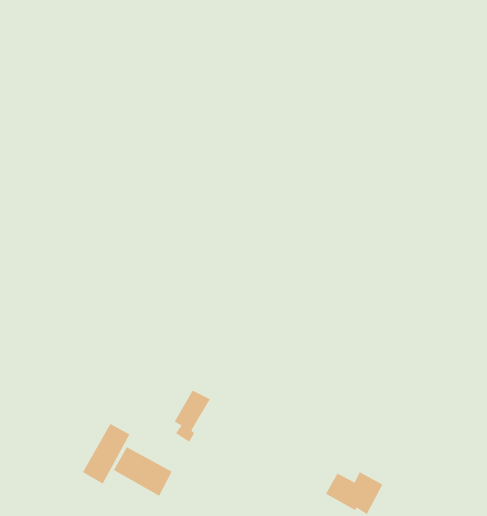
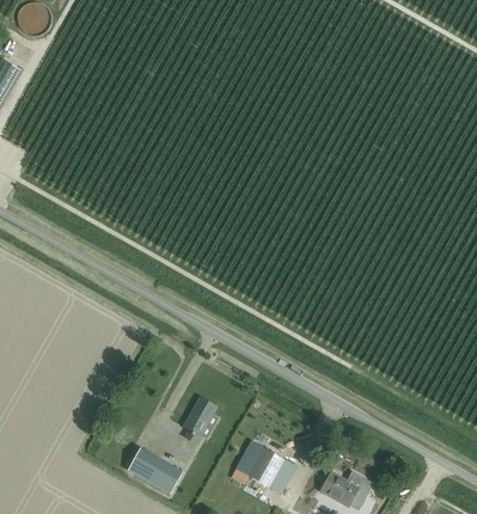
building: [82,423,130,485] -> none
building: none -> [231,440,296,494]

